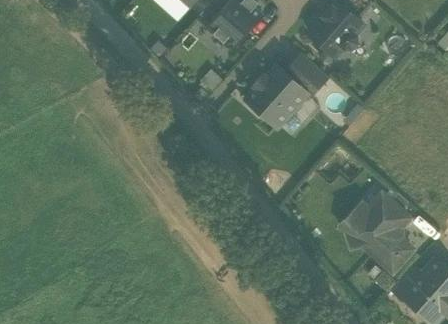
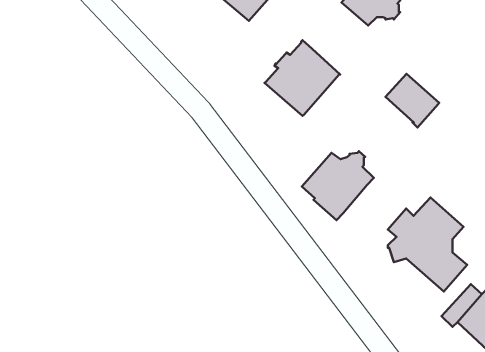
building: [284,54,328,98] -> [386,74,439,127]
building: none -> [302,151,374,220]

